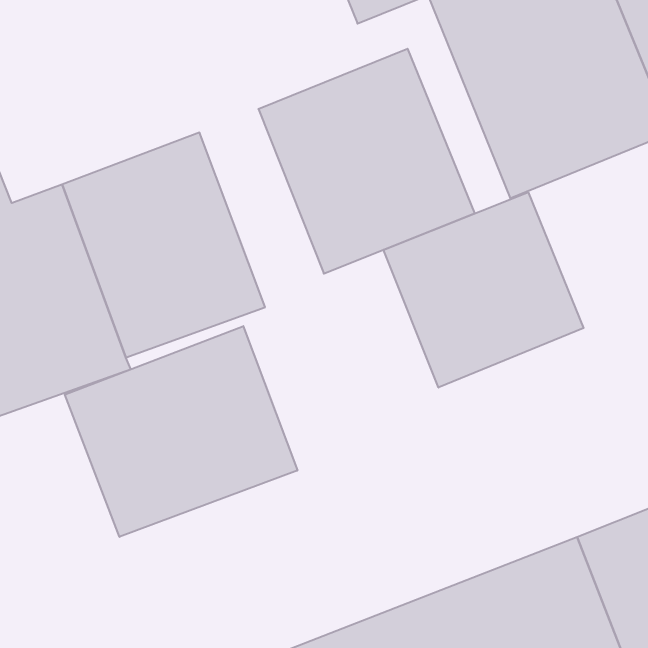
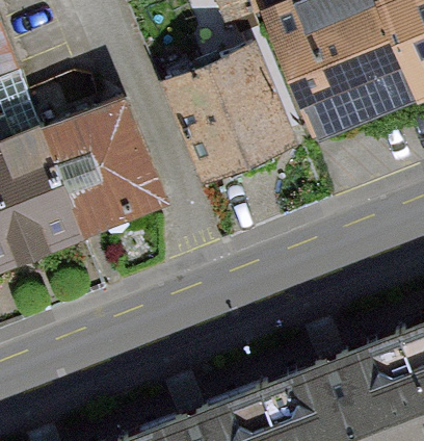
building: [383,192,584,388] -> none
building: [65,326,297,537] -> none

